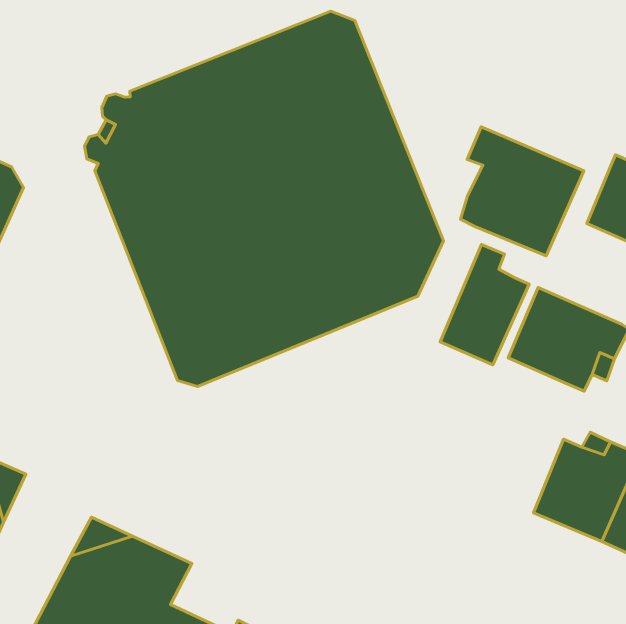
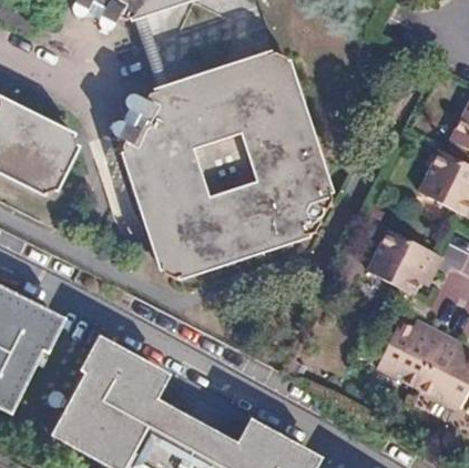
building: [461,127,584,256] -> none
building: [440,245,529,365] -> none

